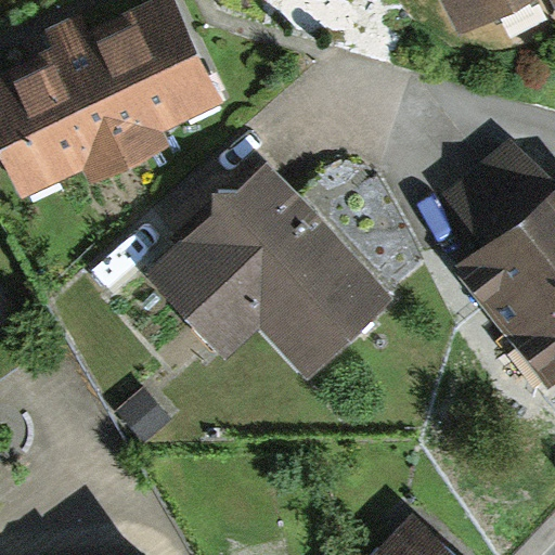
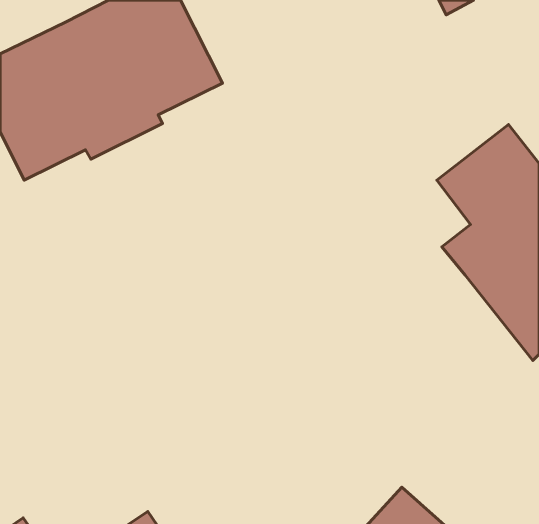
building: [157,170,386,372] -> none

